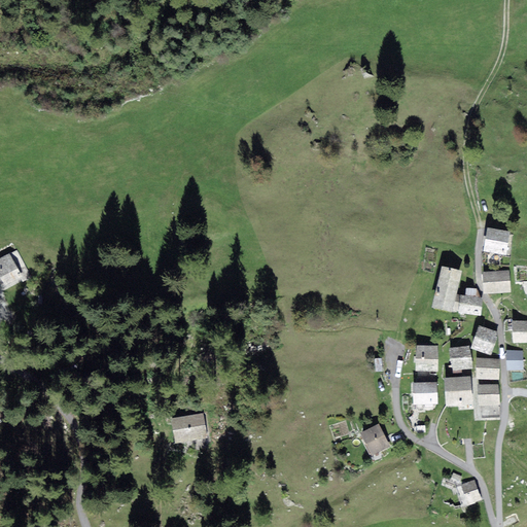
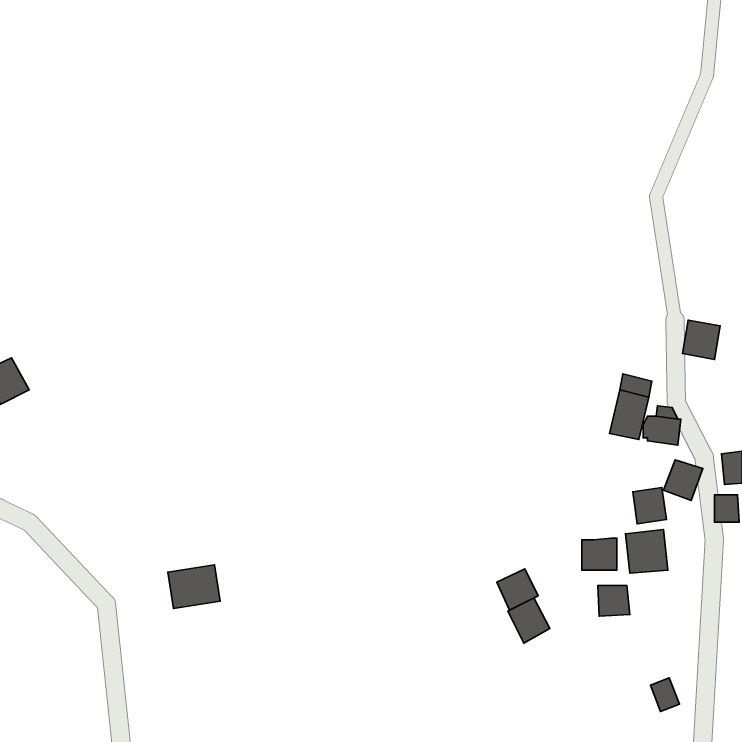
building: [482,270,510,293] -> none
building: [415,345,437,371] -> none
building: [475,357,499,379] -> none
building: [477,384,499,406] -> [598,585,630,616]
building: none -> [497,569,538,610]
building: [169,412,206,443] -> [168,565,220,609]

